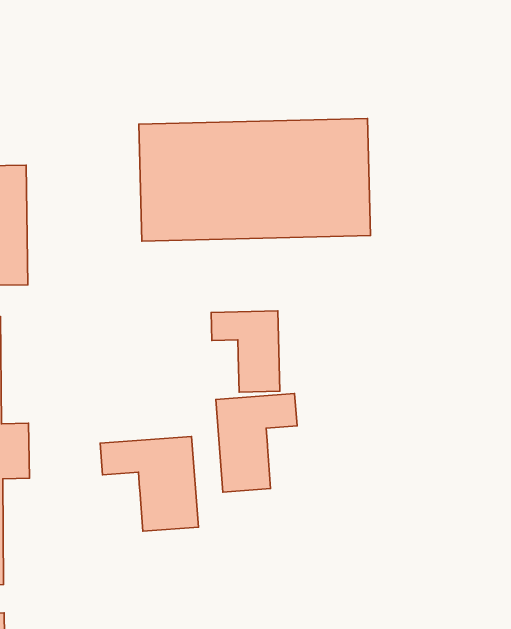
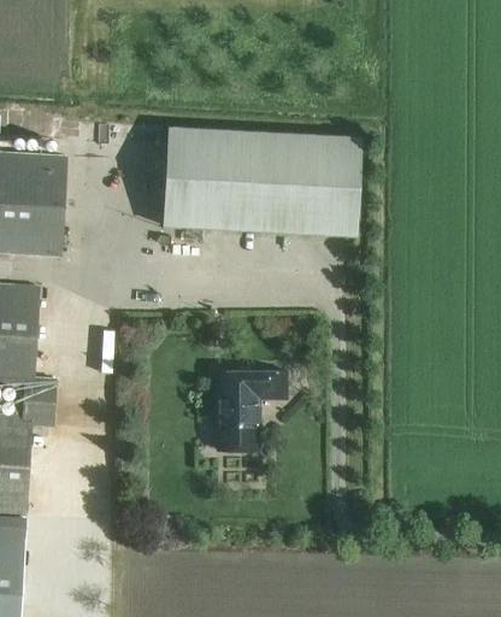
building: [211,311,280,392] -> none
building: [100,436,198,531] -> none

